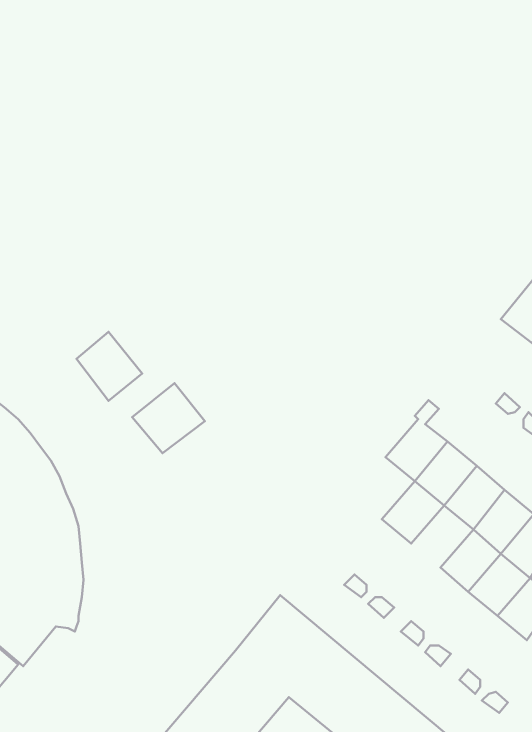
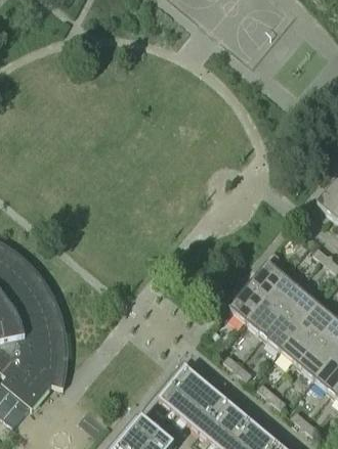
building: [77,332,142,401] -> none
building: [132,383,205,453] -> none
building: none -> [218,283,264,320]
building: none -> [262,312,299,349]

